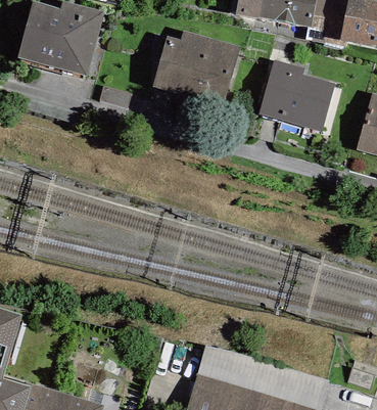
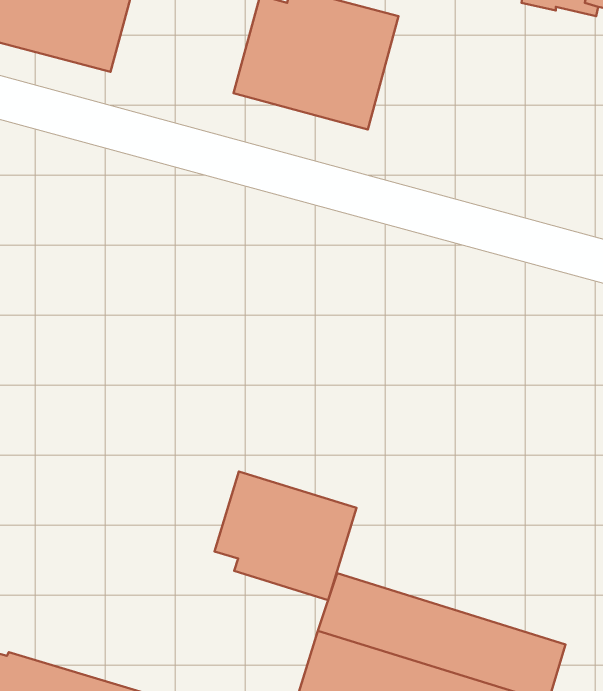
building: [260,59,335,131] -> none
building: none -> [215,472,357,600]

